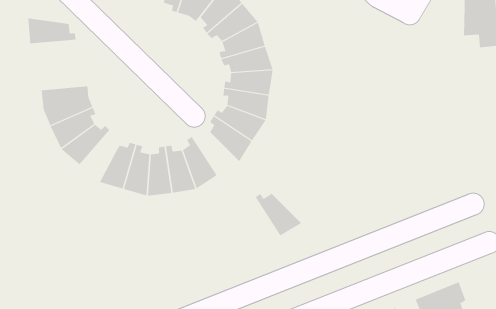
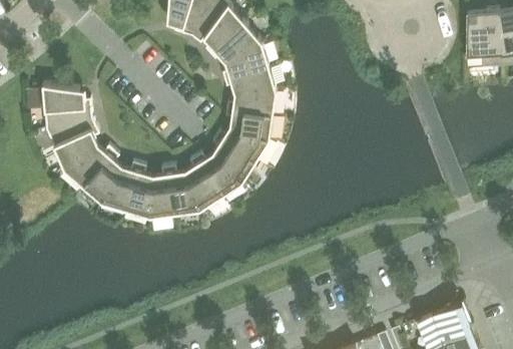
building: [28,18,77,44] -> [42,85,91,111]
building: none -> [83,151,122,204]
building: [255,193,302,236] -> [195,153,242,197]

